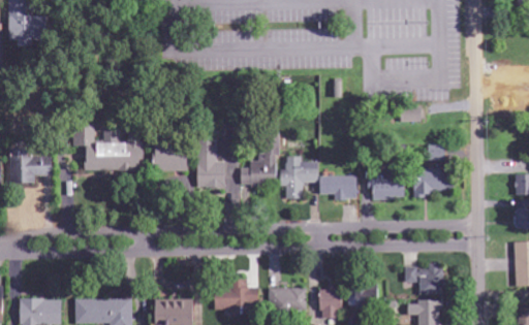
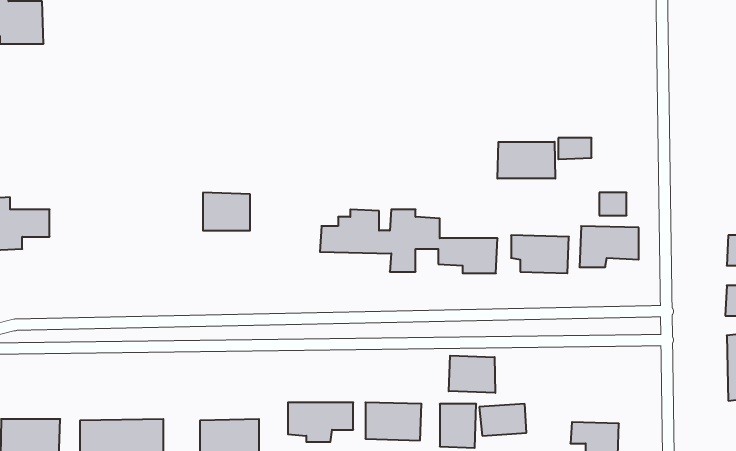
building: none -> [497,142,555,179]
building: [75,128,144,170] -> none
building: [196,148,226,189] -> none
building: none -> [449,356,495,393]
building: [404,266,443,294] -> none

